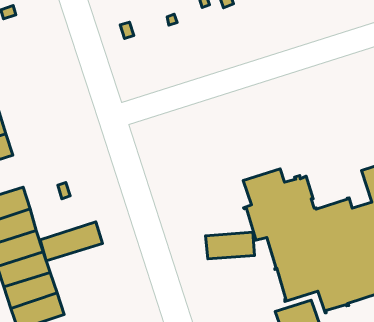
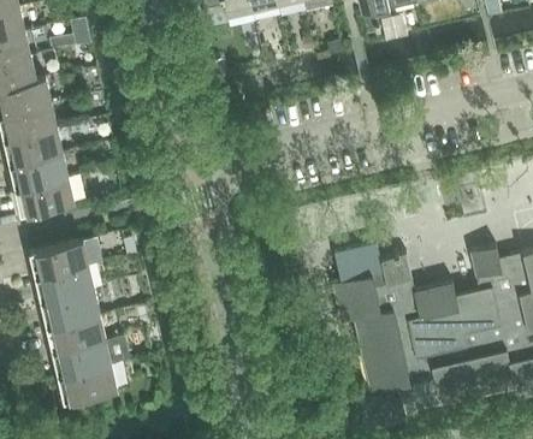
building: [40,222,103,261] -> none
building: [206,232,254,259] -> none

